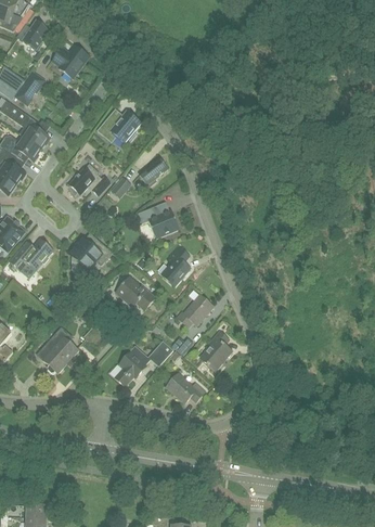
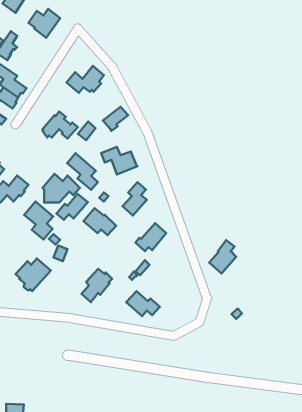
building: none -> [67,153,98,190]
building: none -> [57,194,88,220]
building: none -> [24,201,53,239]
building: [199,331,231,370] -> [209,240,236,274]

